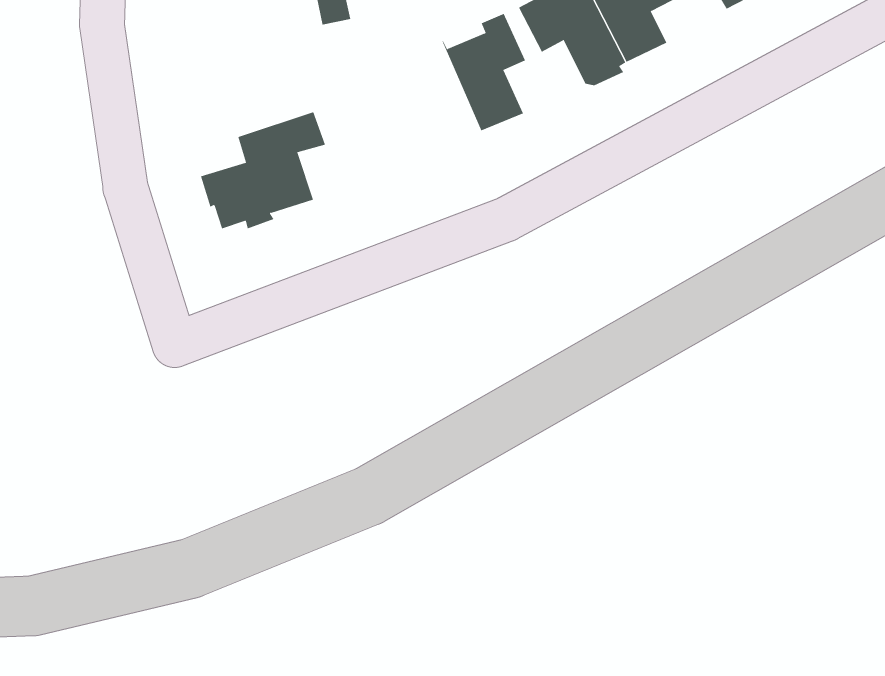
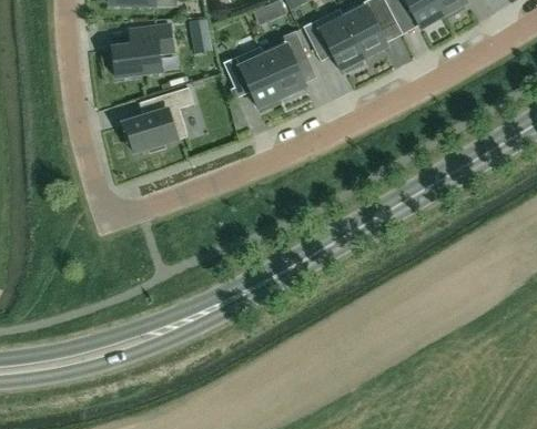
building: none -> [111,29,172,82]
building: none -> [223,45,282,110]

